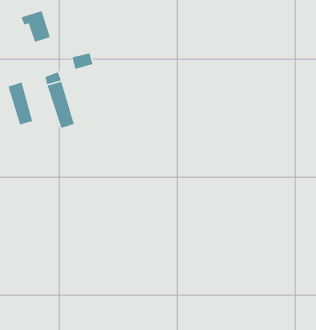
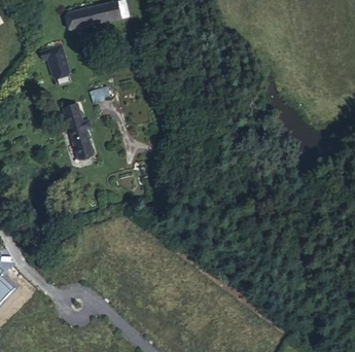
building: [8,82,33,125] -> none

